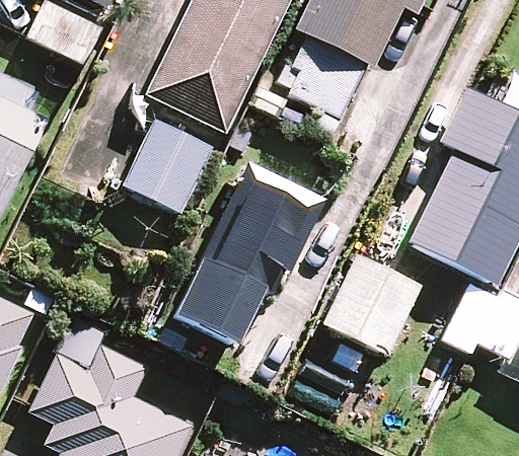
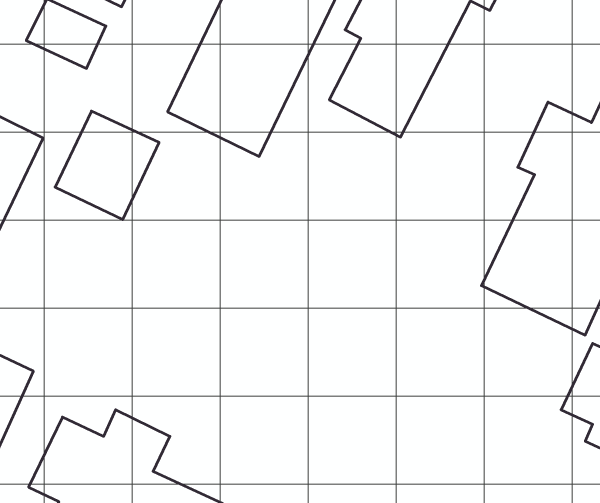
building: [125,121,212,212] -> [55,111,159,220]
building: [175,163,324,346] -> none
building: [324,255,420,354] -> none

